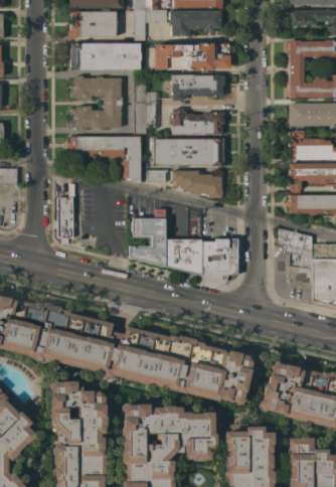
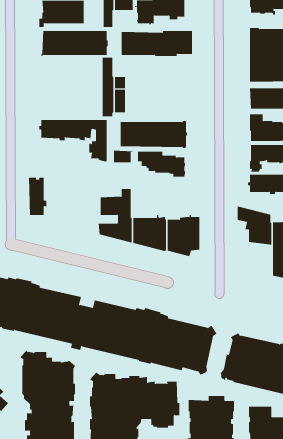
building: [170,74,224,101] -> none
building: [70,75,122,130] -> none
building: [168,109,223,135] -> none

